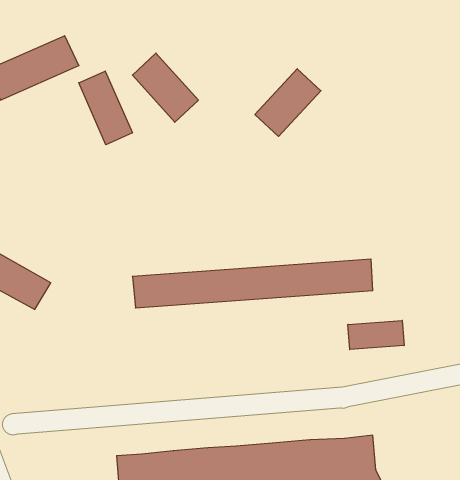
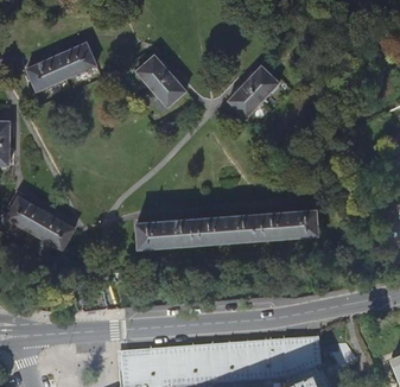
building: [79,71,132,145] -> none
building: [348,320,404,350] -> none

